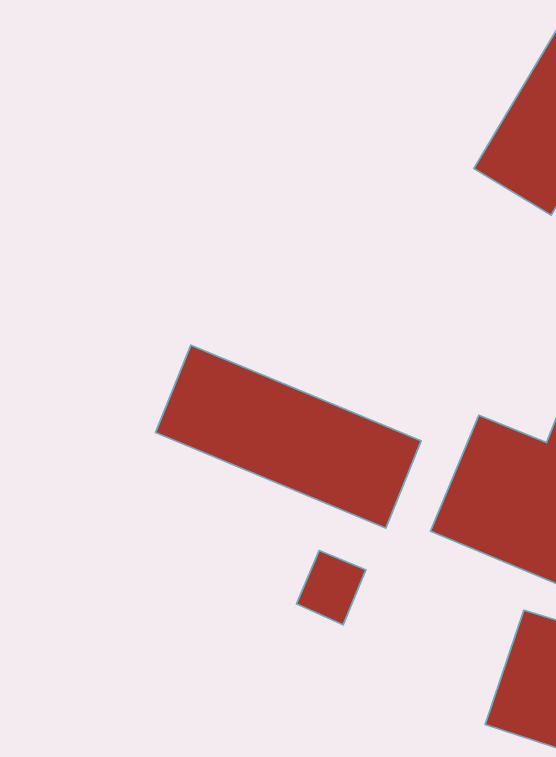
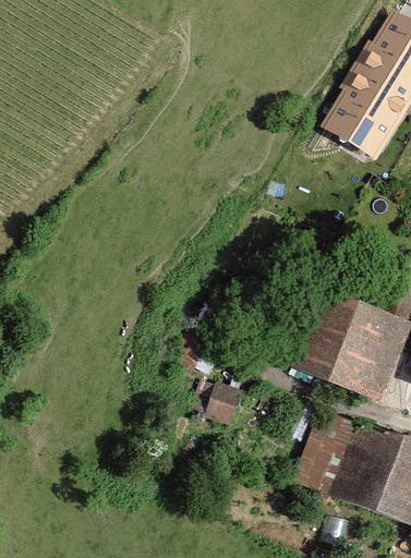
building: [156,345,421,528] -> none
building: none -> [293,408,356,498]

